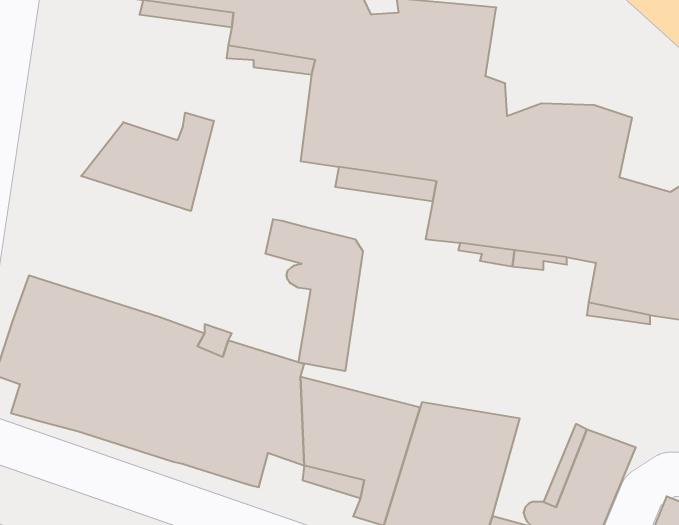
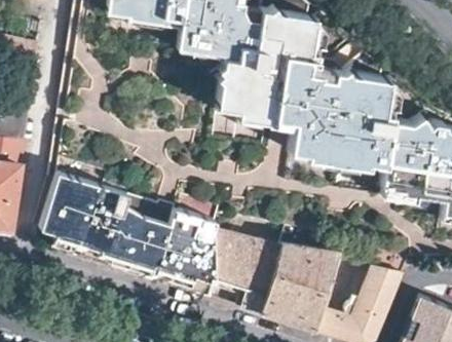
building: [81,113,214,211] -> none
building: [265,219,363,371] -> none

